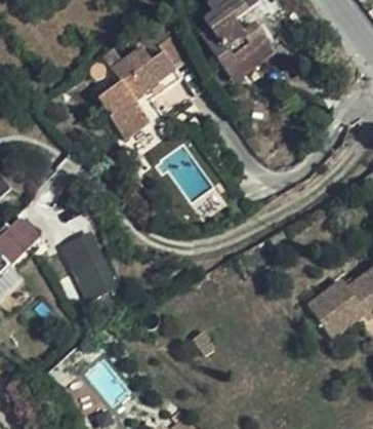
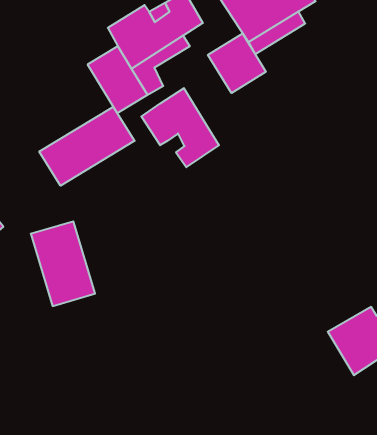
building: none -> [208,34,266,93]
building: none -> [141,88,219,167]
building: none -> [39,107,135,186]

